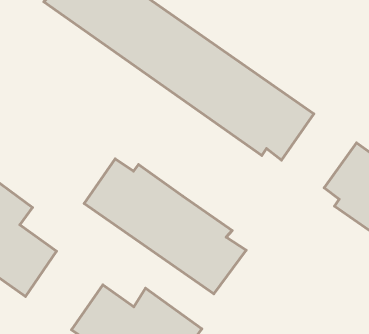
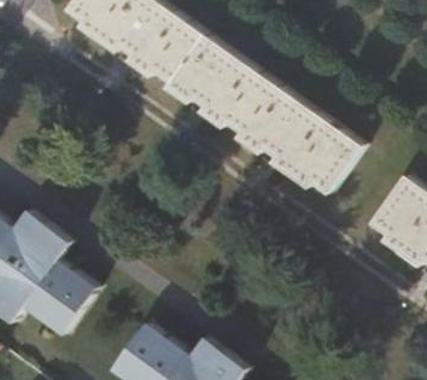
building: [84,159,246,294] -> none

